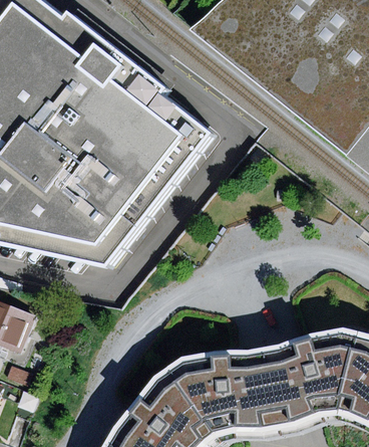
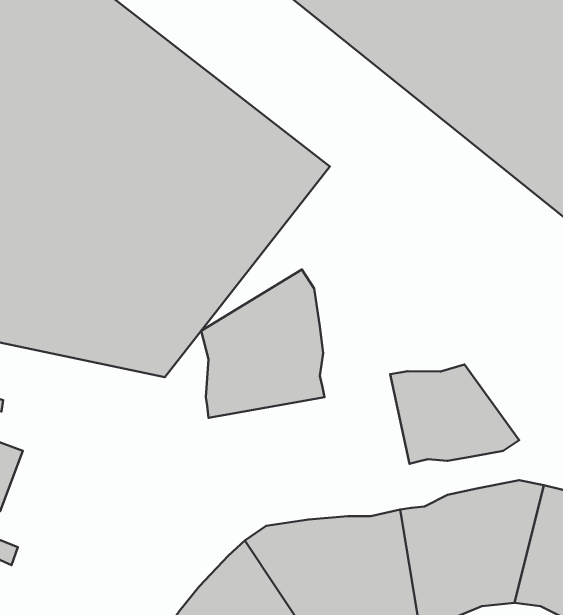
building: none -> [201,269,324,418]
building: none -> [390,365,519,464]

